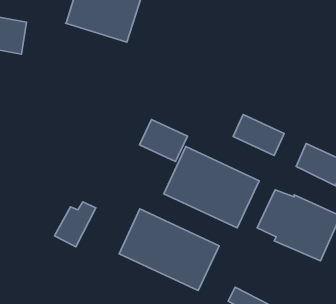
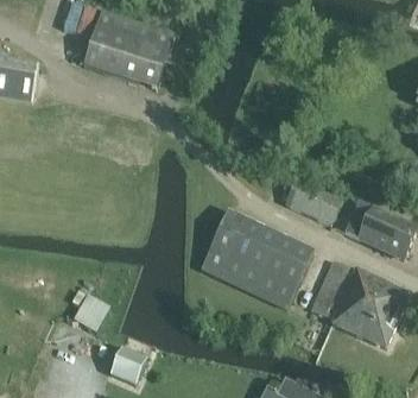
building: [140,120,187,161] -> none
building: [119,209,219,291] -> none
building: none -> [109,345,146,383]

